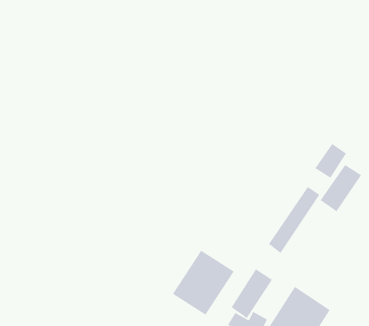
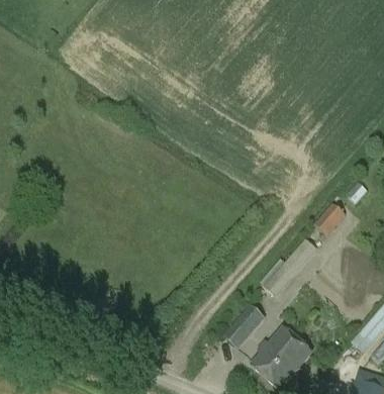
building: [320,164,362,212] -> none
building: [172,250,235,315] -> none

